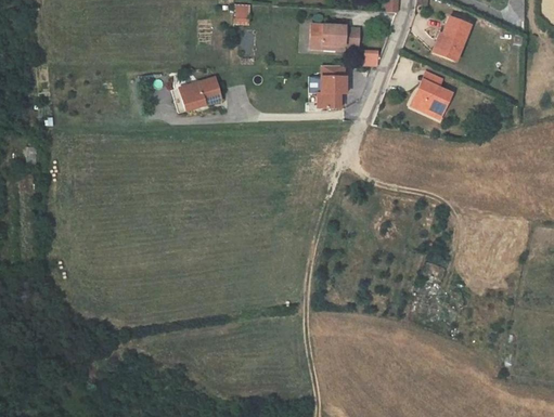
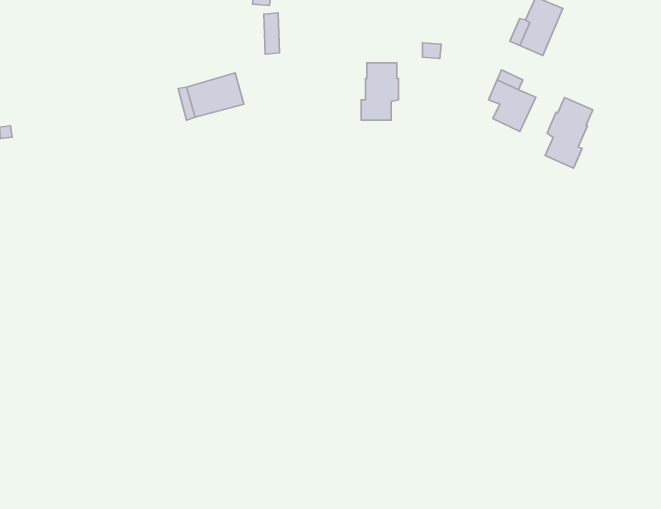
building: [311,24,360,49] -> none
building: none -> [545,97,593,168]

